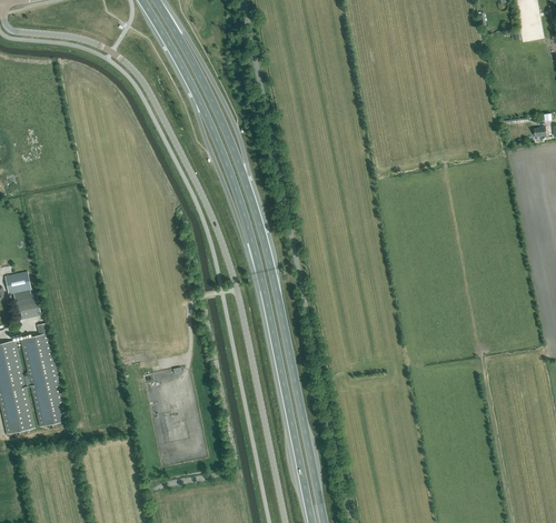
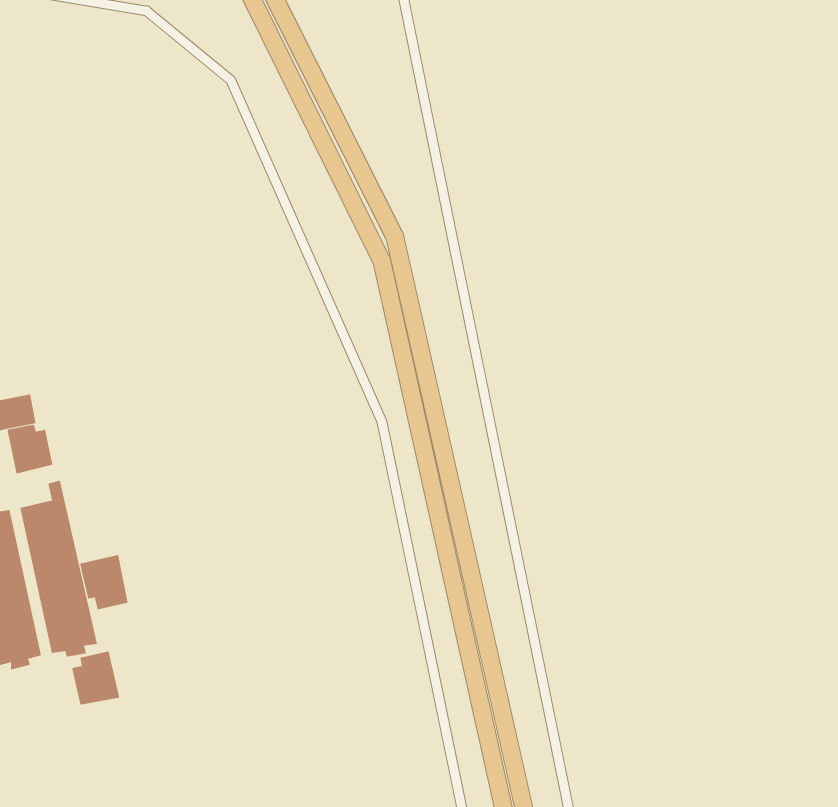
building: none -> [80,554,128,610]
building: none -> [72,650,120,705]

